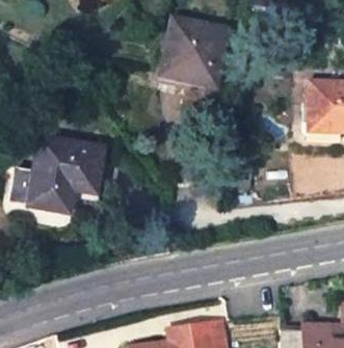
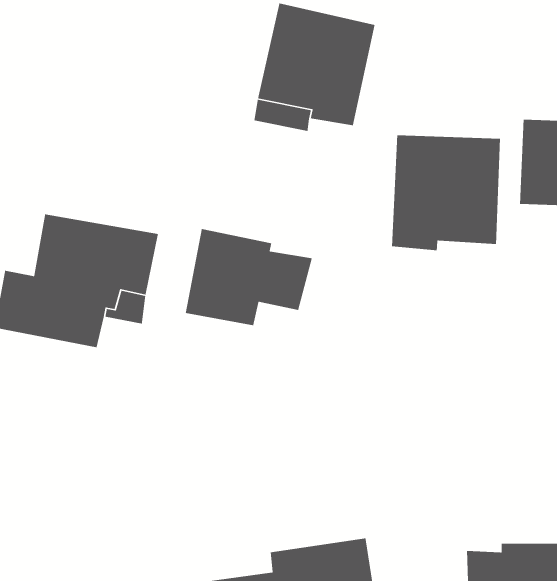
building: none -> [391,134,501,251]
building: none -> [185,228,313,326]

